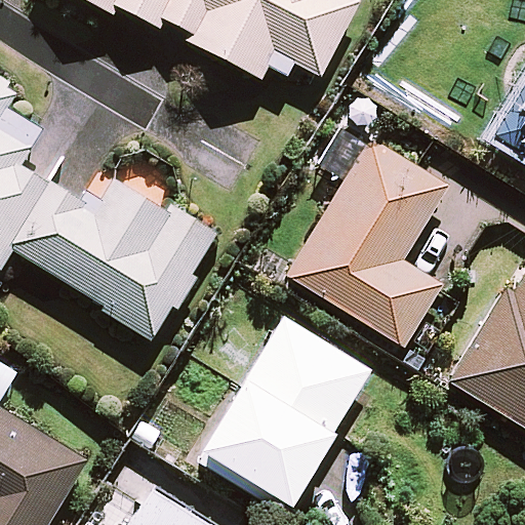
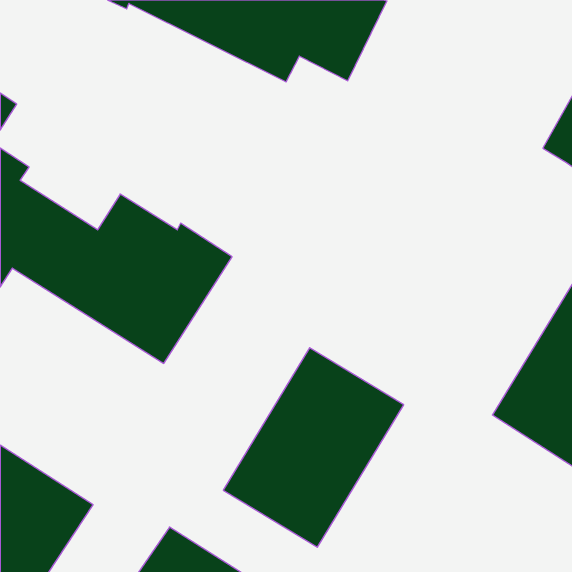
building: [289,119,448,346] -> none

